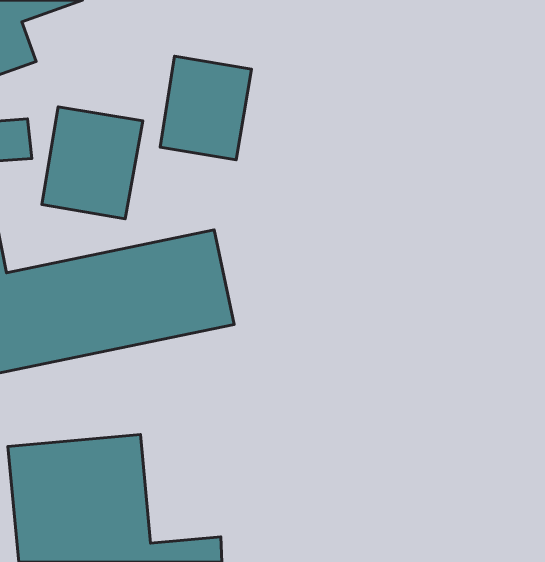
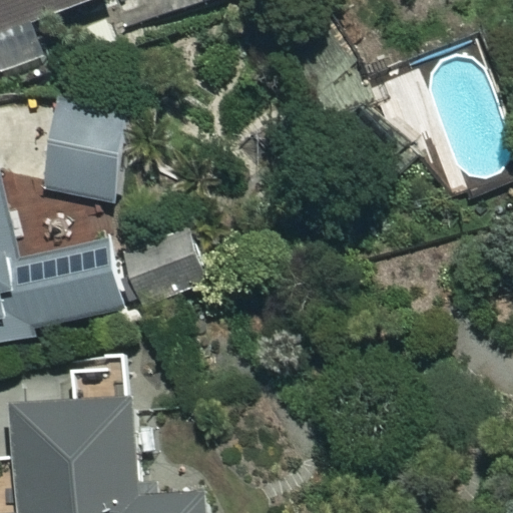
building: [160,56,251,160] -> none

